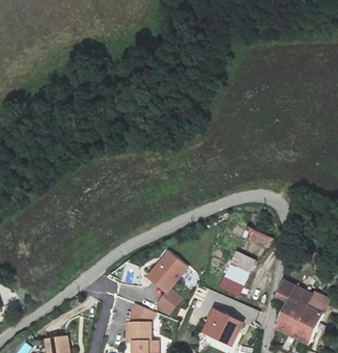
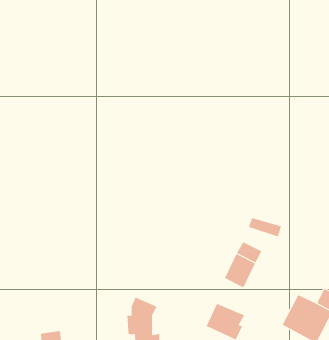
building: [146,249,188,314] -> none
building: [278,282,314,309] -> none

